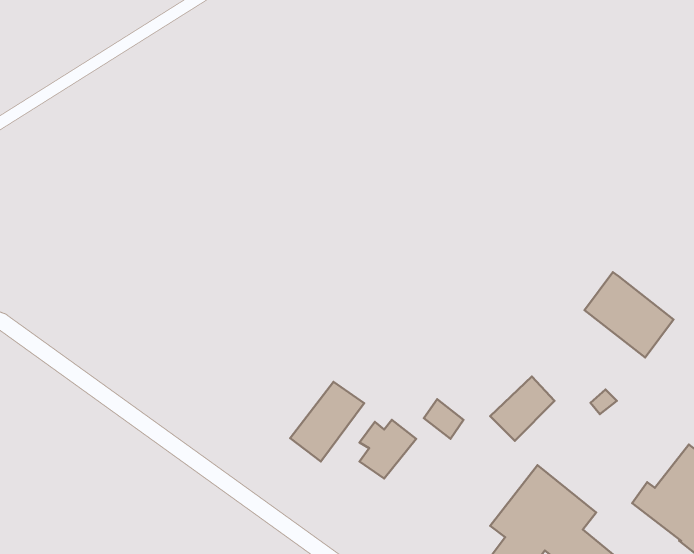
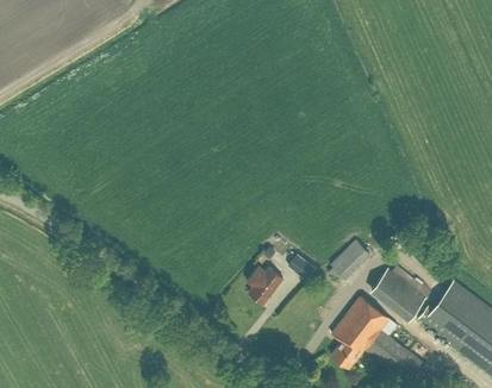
building: [585,272,673,357] -> [369,267,425,320]
building: [290,382,364,462] -> none

